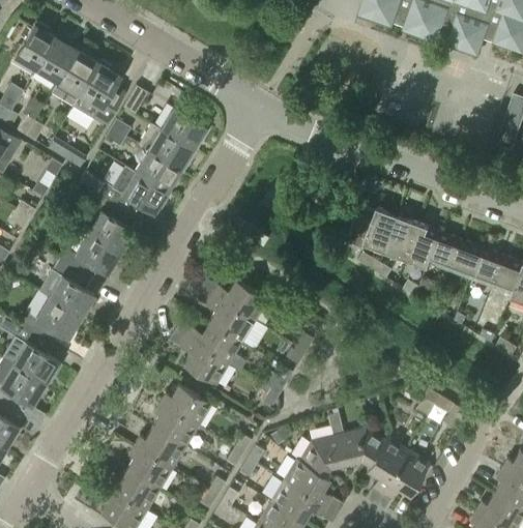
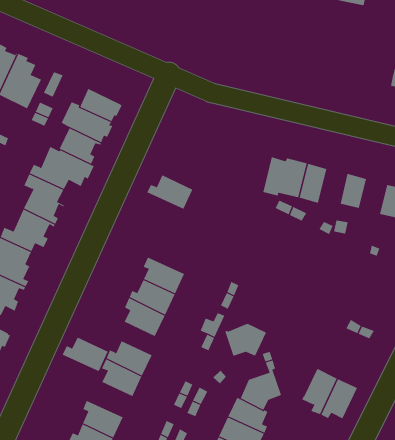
building: [407,225,441,268] -> none
building: [451,240,483,280] -> none
building: [216,281,267,321] -> [146,174,193,210]
building: [134,428,184,468] -> [62,337,109,372]
building: [339,429,384,466] -> [224,323,267,357]

